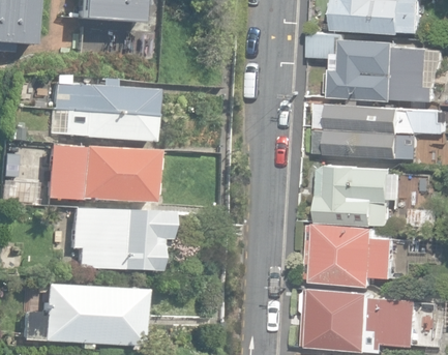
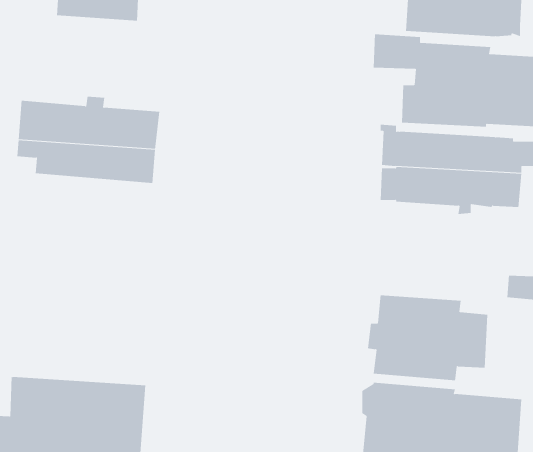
building: [48,145,154,203] -> none
building: [319,165,400,226] -> none
building: [71,207,167,271] -> none

